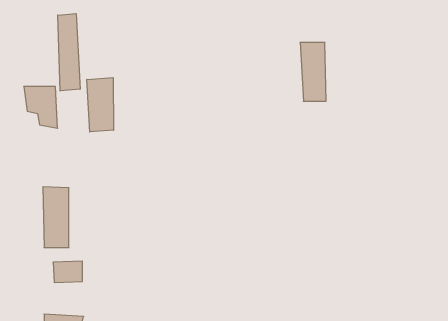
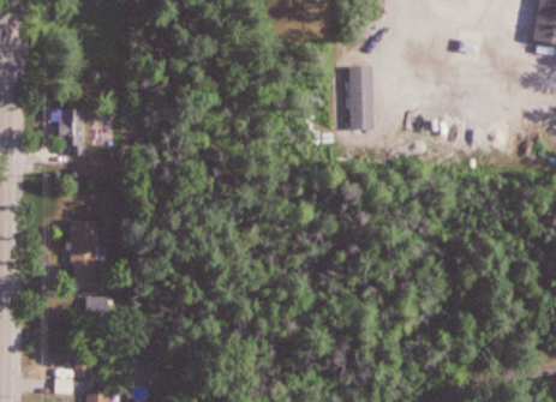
building: [58,14,80,91] -> none
building: [87,78,114,132] -> none

